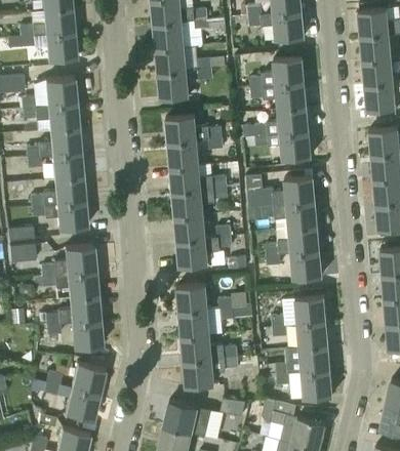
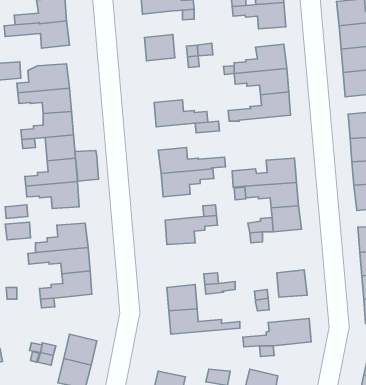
building: [153,22,185,49] -> none
building: [157,71,189,99] -> none
building: [254,131,311,160] -> none
building: [167,140,199,168] -> none
building: none -> [75,151,99,181]
building: [174,214,206,242] -> none
building: [290,251,322,280] -> none
building: [176,284,208,313] -> none
building: [70,320,102,348] -> none
building: [285,321,328,350] -> none
building: [183,356,255,387] -> none
building: [301,370,332,399] -> none

